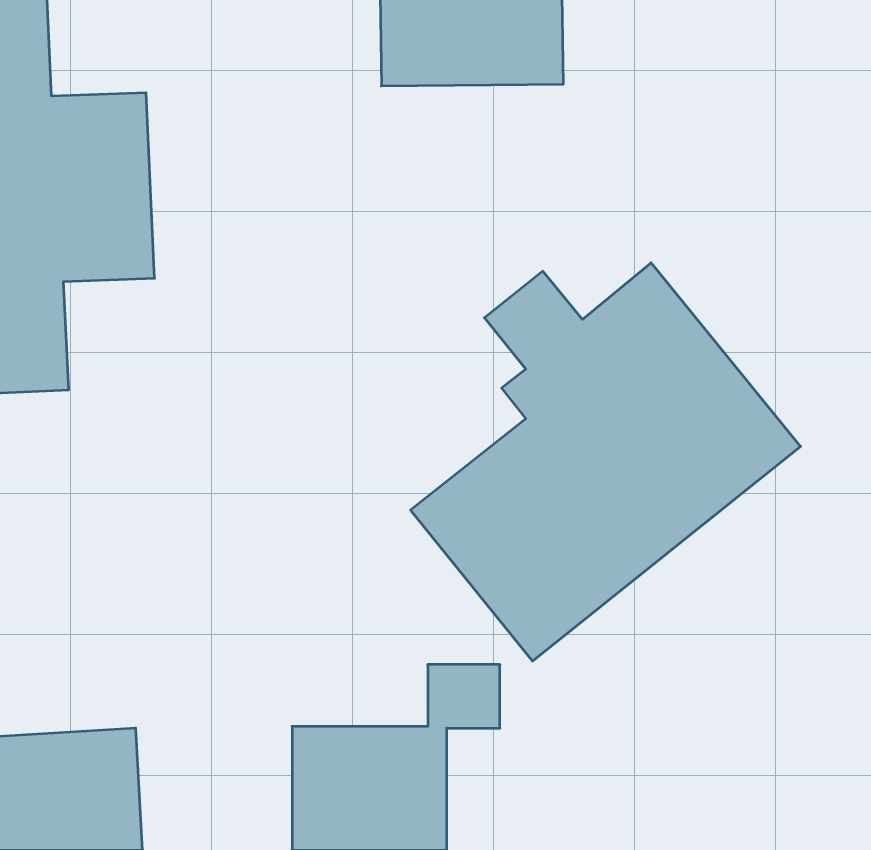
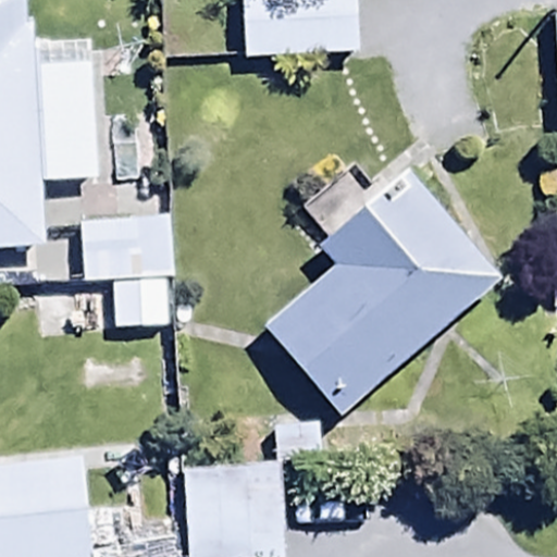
building: none -> [78,215,170,326]

